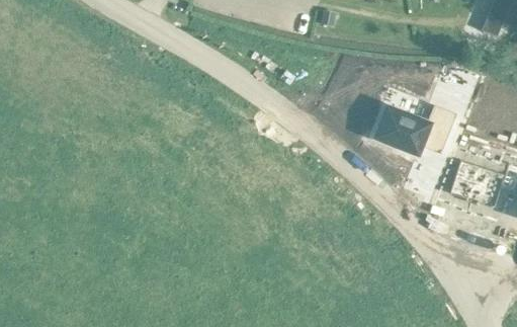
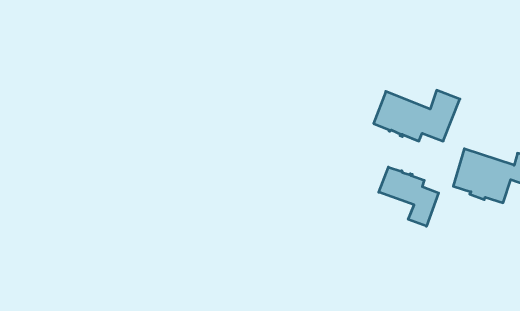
building: none -> [379,167,439,226]

